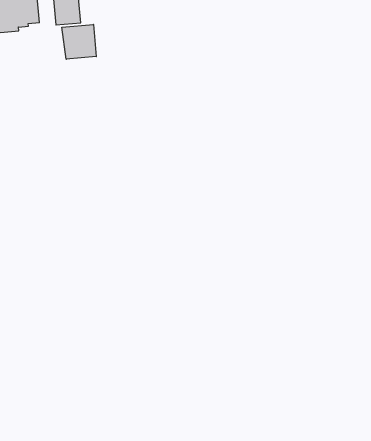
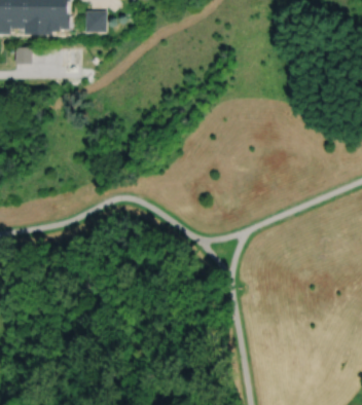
building: [62,24,96,59] -> none

